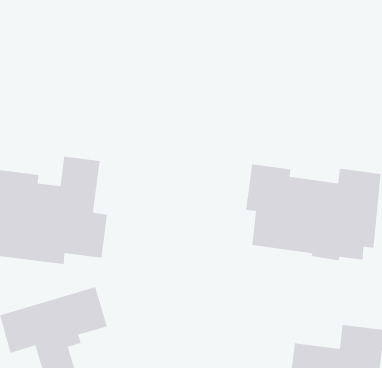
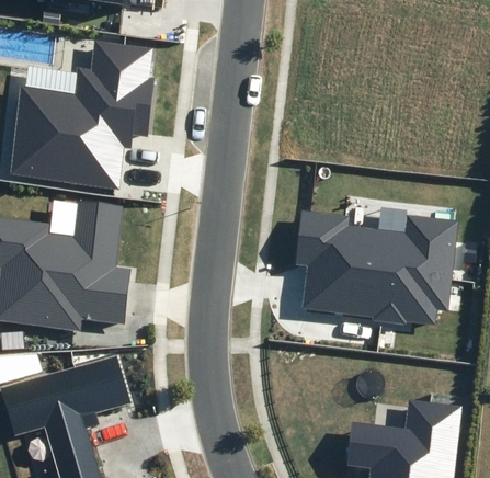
building: none -> [8,41,153,189]

